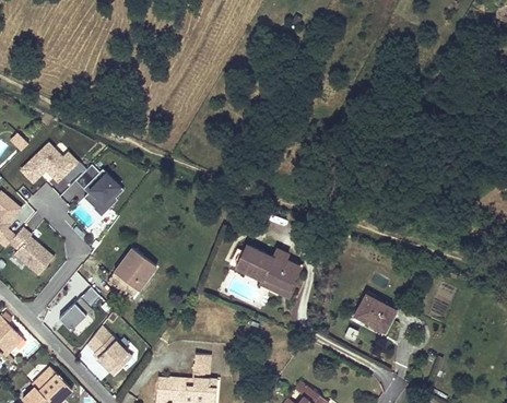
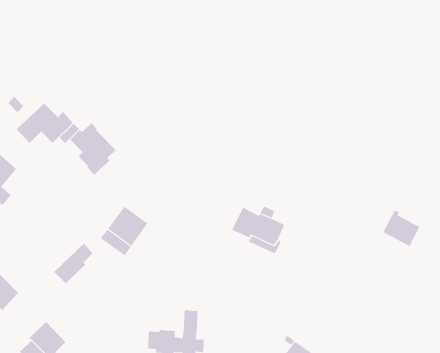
building: [9,228,54,276] -> none
building: [354,293,393,331] -> [382,210,420,247]
building: [87,324,132,375] -> none

